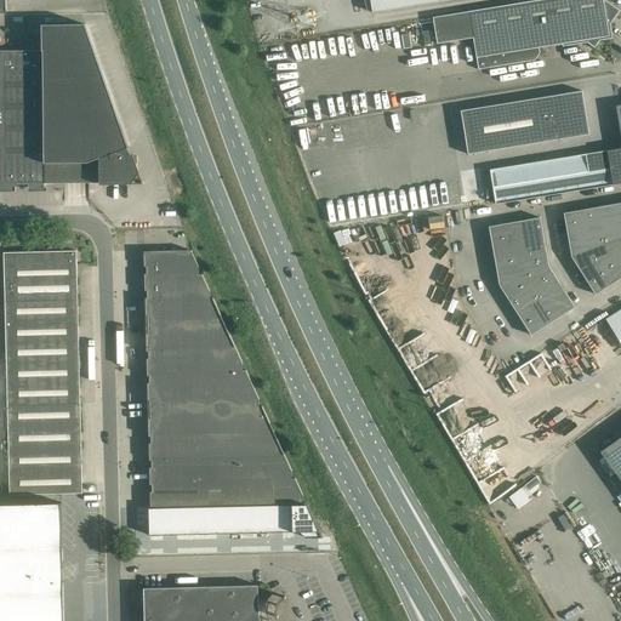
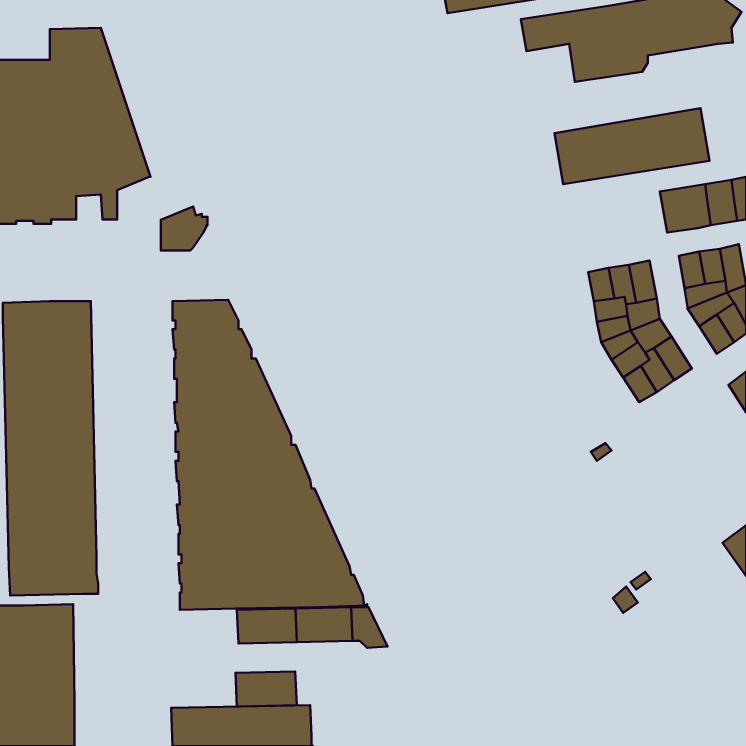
building: [97,147,136,183] -> [161,207,208,251]
building: [489,159,553,203] -> none
building: [147,506,198,535] -> [235,671,297,707]

